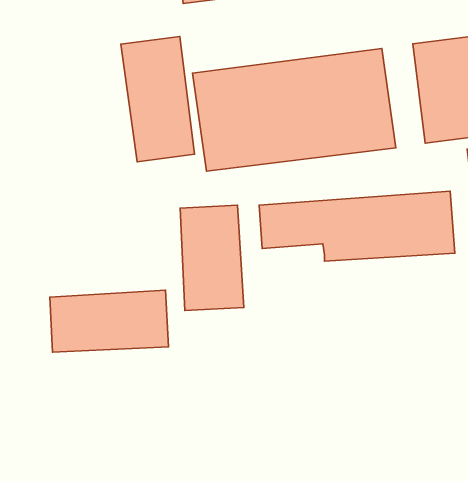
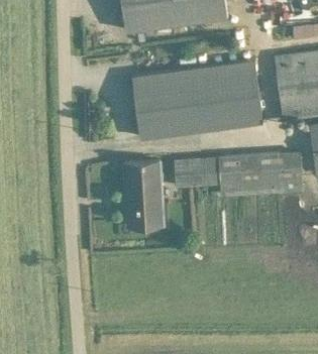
building: [121,36,194,162] -> none
building: [50,290,168,352] -> none

